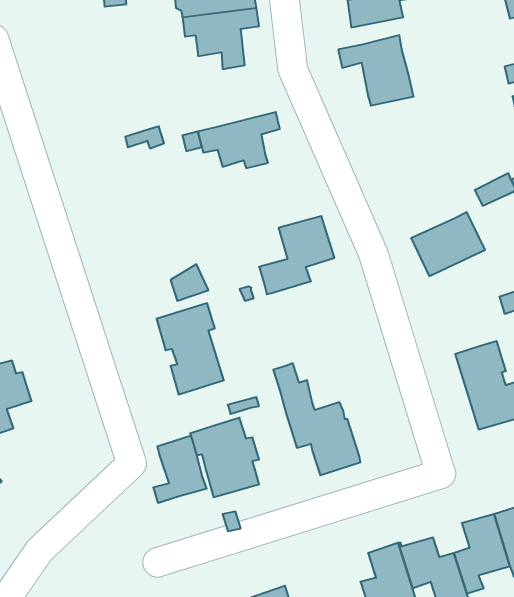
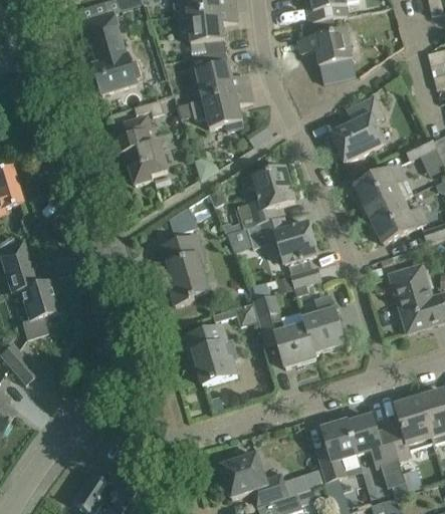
building: none -> [79,11,143,93]
building: none -> [194,51,250,99]
building: none -> [325,96,385,163]
building: none -> [115,115,167,184]
building: none -> [369,199,425,243]
building: none -> [247,217,316,264]
building: none -> [289,266,320,295]
building: none -> [302,295,345,352]
building: [153,436,206,503] -> none

